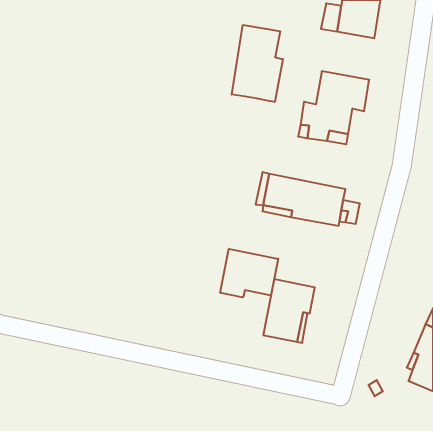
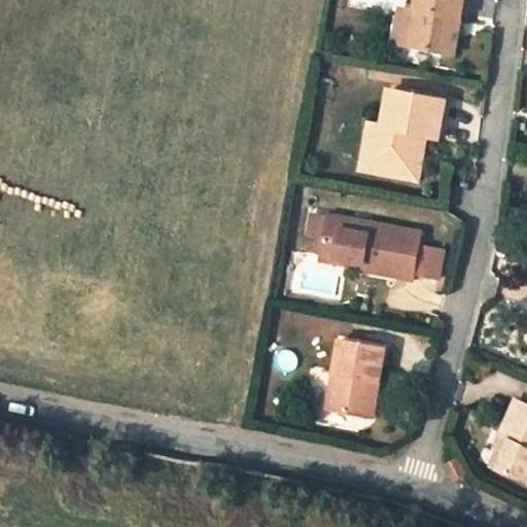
building: [232,25,283,102] -> none
building: [220,249,278,297] -> none

